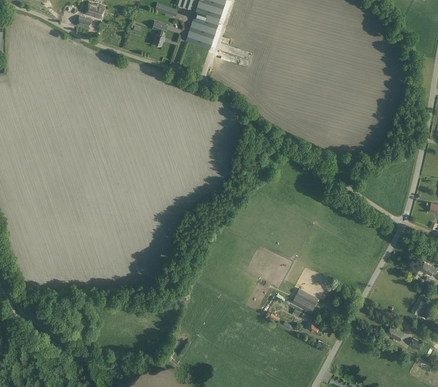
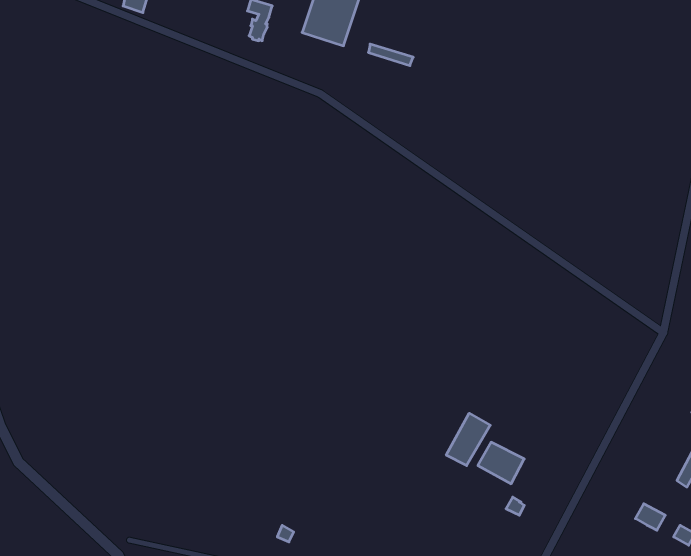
building: none -> [446,413,490,466]

